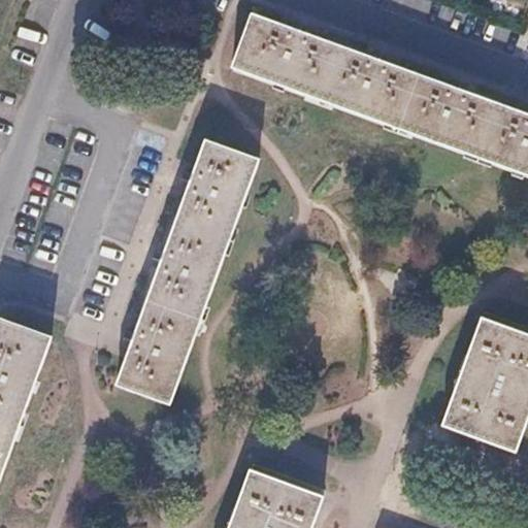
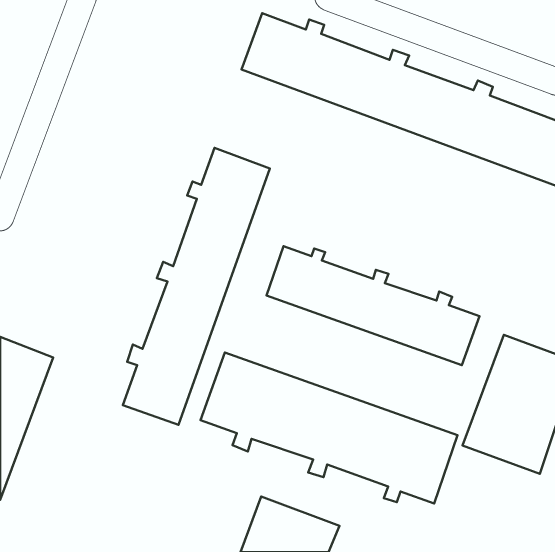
building: none -> [266,246,479,365]
building: none -> [200,352,458,504]

